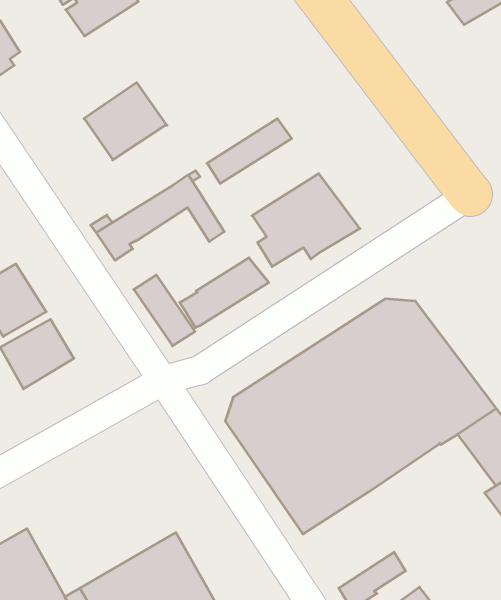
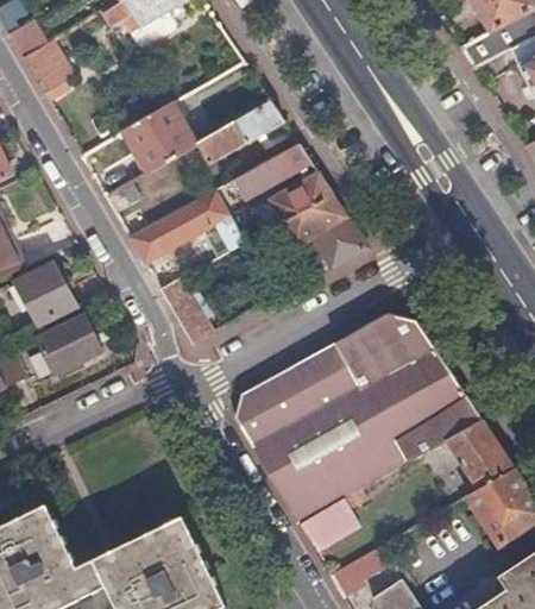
building: none -> [196,102,283,165]
building: [180,258,269,328] -> [251,172,333,233]
building: none -> [298,489,364,552]

